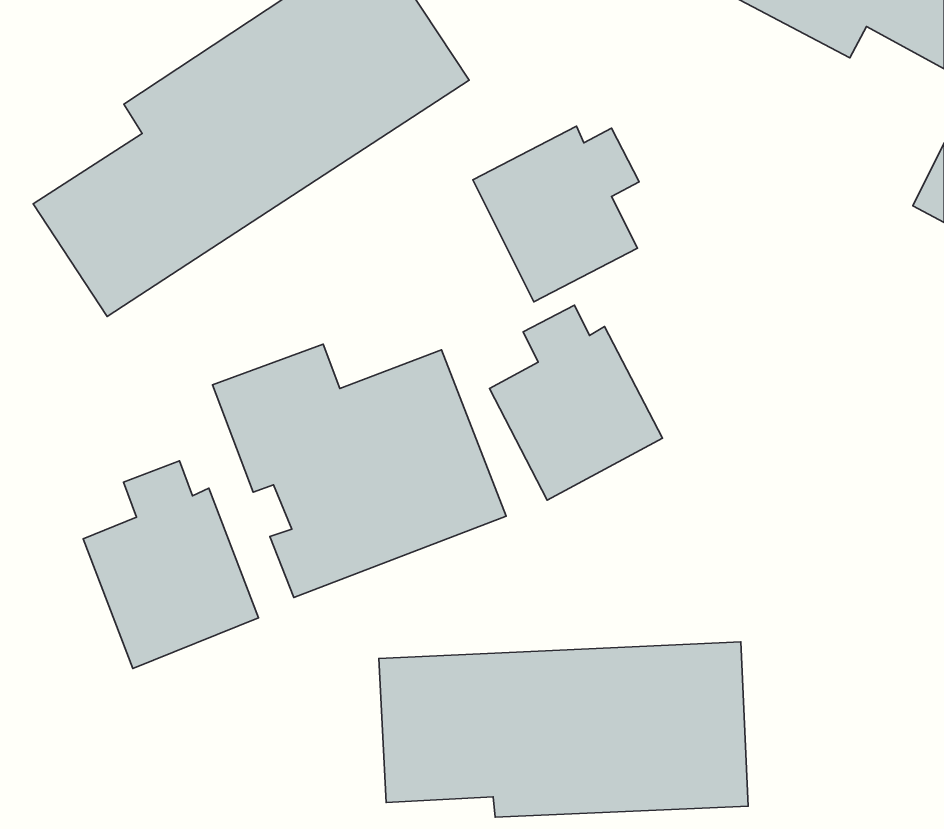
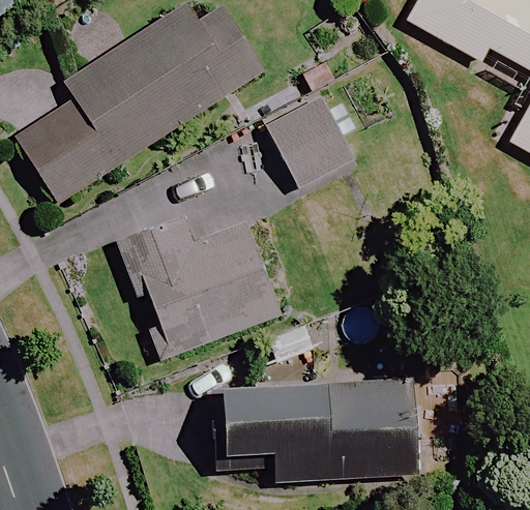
building: [489,305,662,500] -> none
building: [83,461,259,668] -> none

